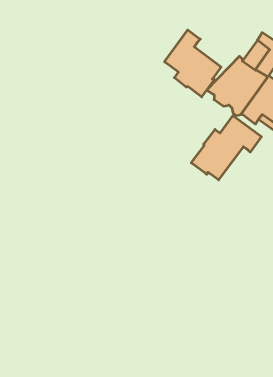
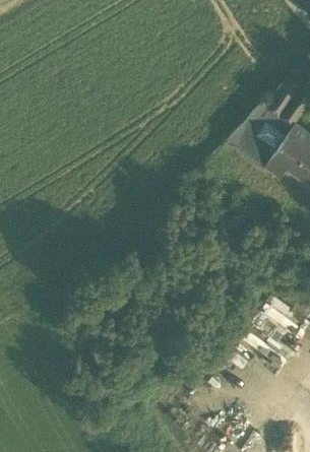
building: [165,30,221,97] -> none
building: [191,116,261,180] -> none

